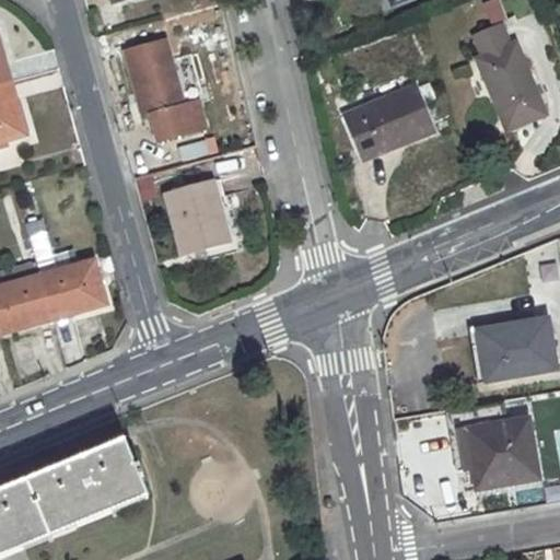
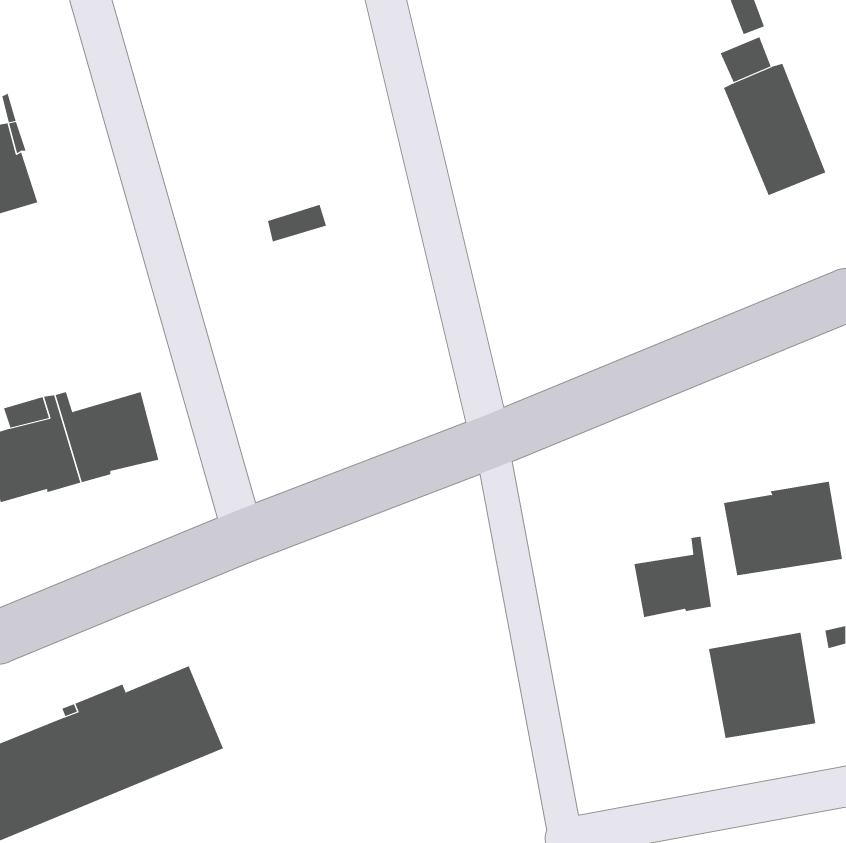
building: [127,39,206,139] -> none
building: [343,84,434,152] -> none
building: [165,179,229,253] -> none
building: none -> [634,536,712,618]

